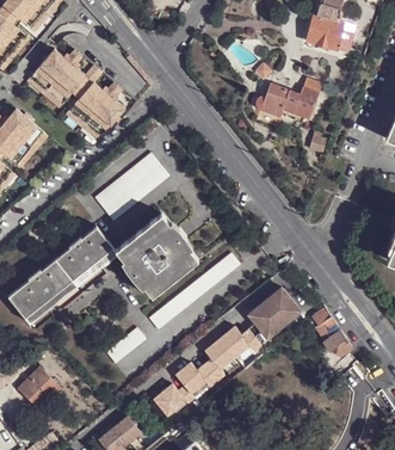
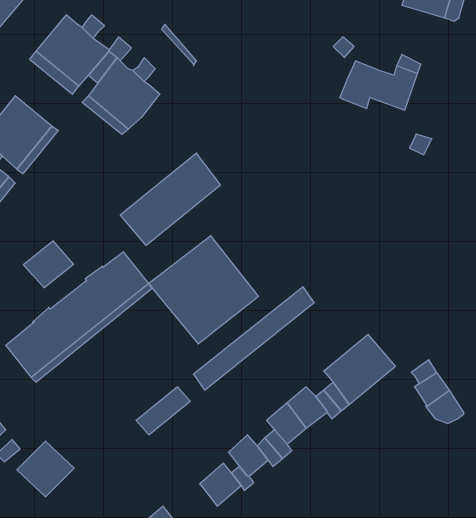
building: none -> [24,241,74,288]

